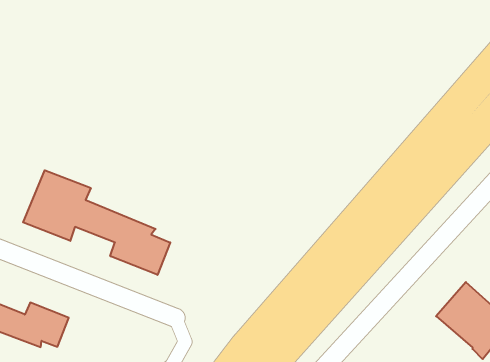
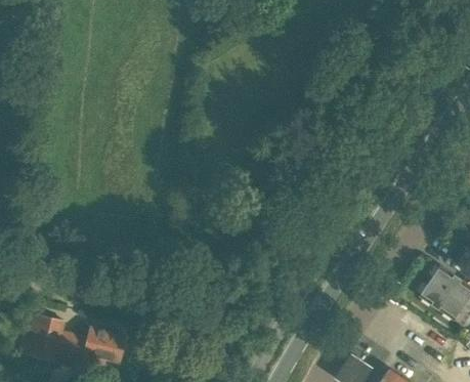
building: [23,170,170,275] -> none

